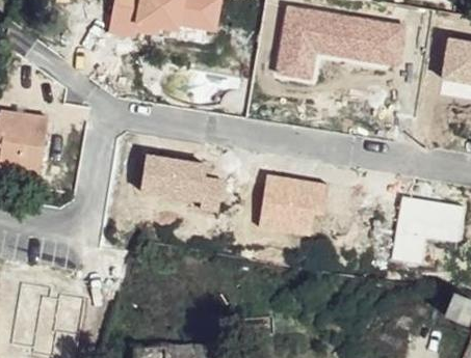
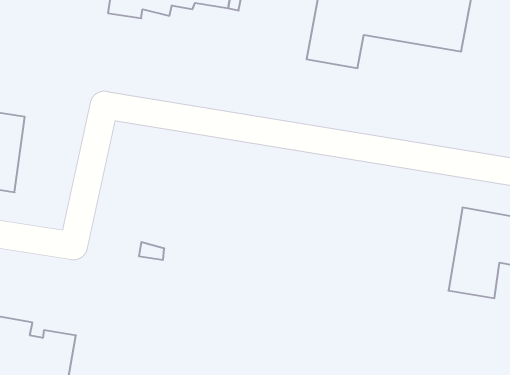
building: [139,152,223,213] -> none
building: [256,168,334,233] -> none

